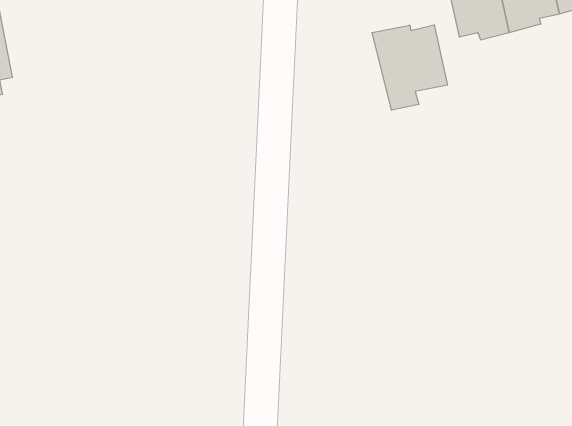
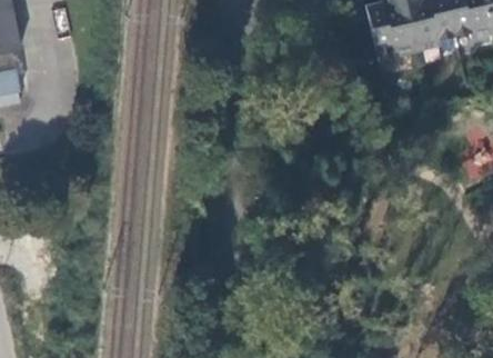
building: [372,25,448,110] -> none

